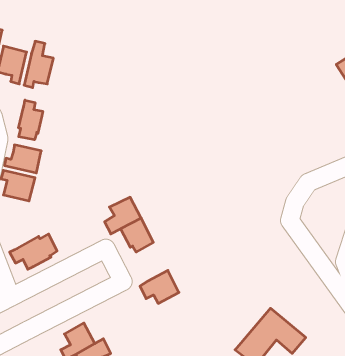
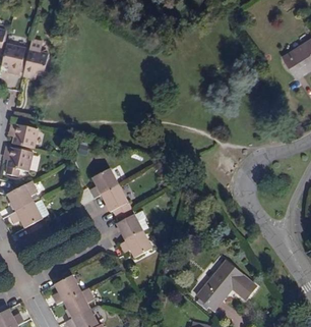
building: [19,100,43,140] -> none
building: none -> [7,181,40,212]
building: none -> [116,207,148,239]

